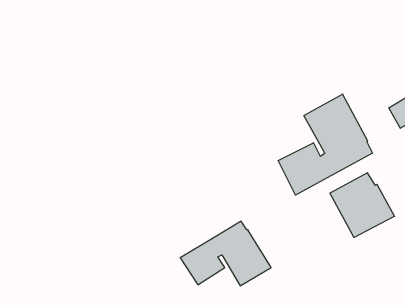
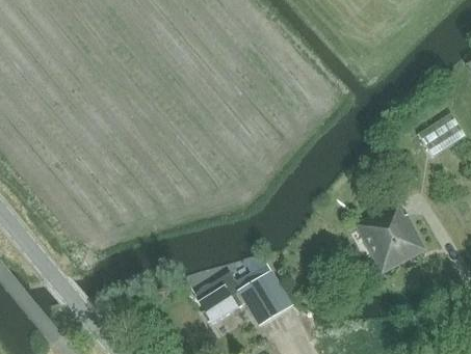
building: [278,94,372,195] -> none

